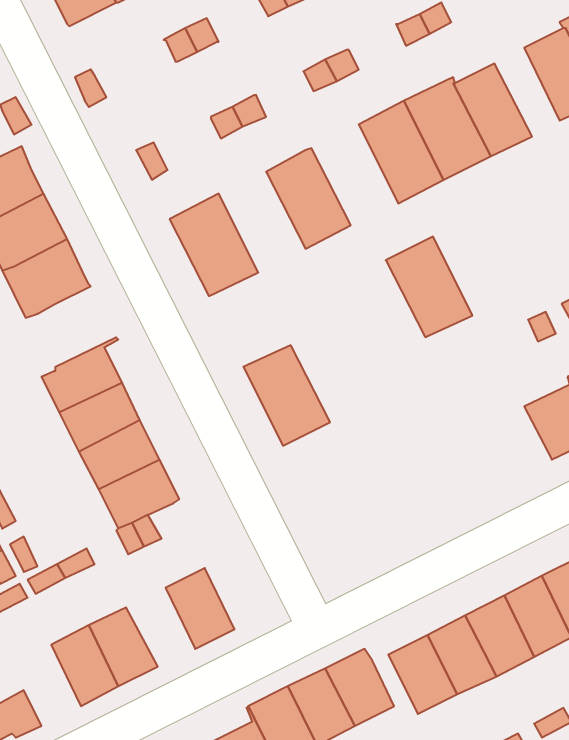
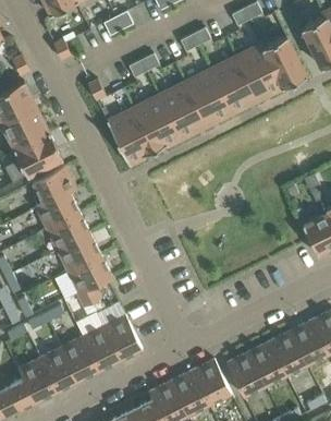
building: [386,237,472,337] -> [184,70,232,125]
building: none -> [30,165,76,204]
building: [243,345,330,446] -> [133,96,181,152]
building: none -> [82,326,120,370]
building: none -> [19,358,57,402]

